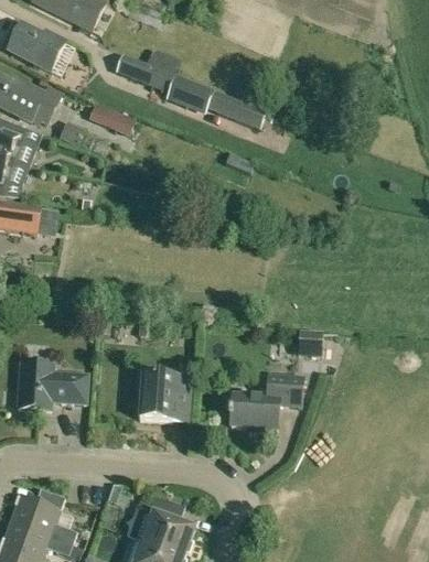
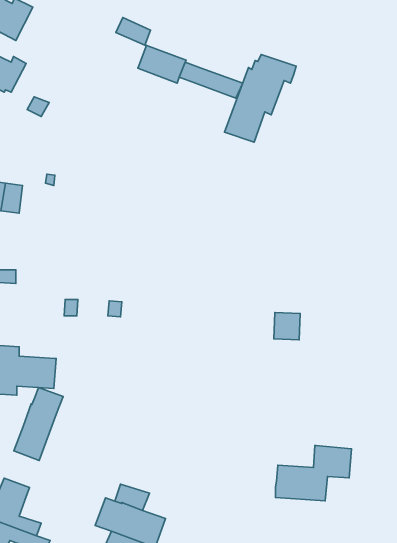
building: [117,54,174,91] -> none
building: none -> [225,54,296,142]
building: [89,101,135,134] -> none
building: [138,375,190,421] -> none
building: [229,375,302,428] -> [276,445,352,501]
building: none -> [14,387,63,460]

